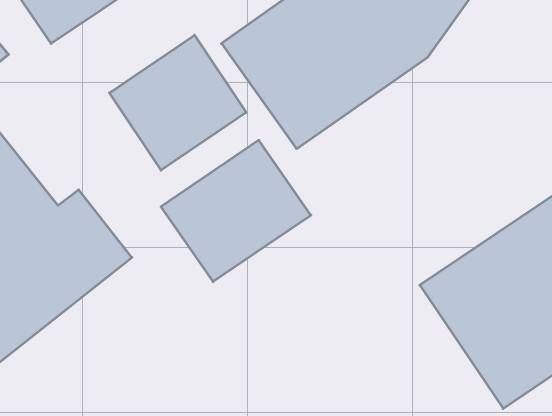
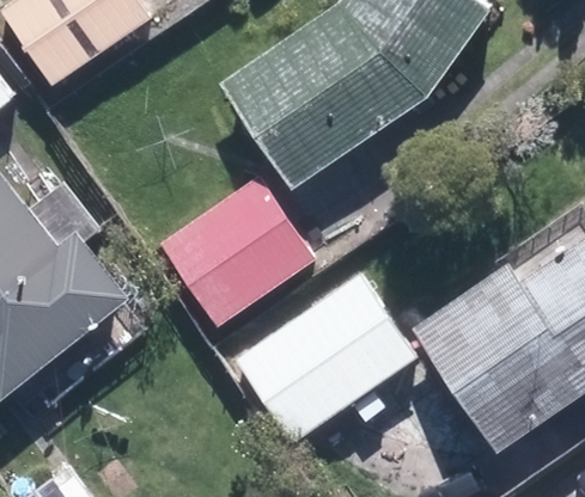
building: [109,35,246,170] -> none
building: none -> [236,276,413,440]

